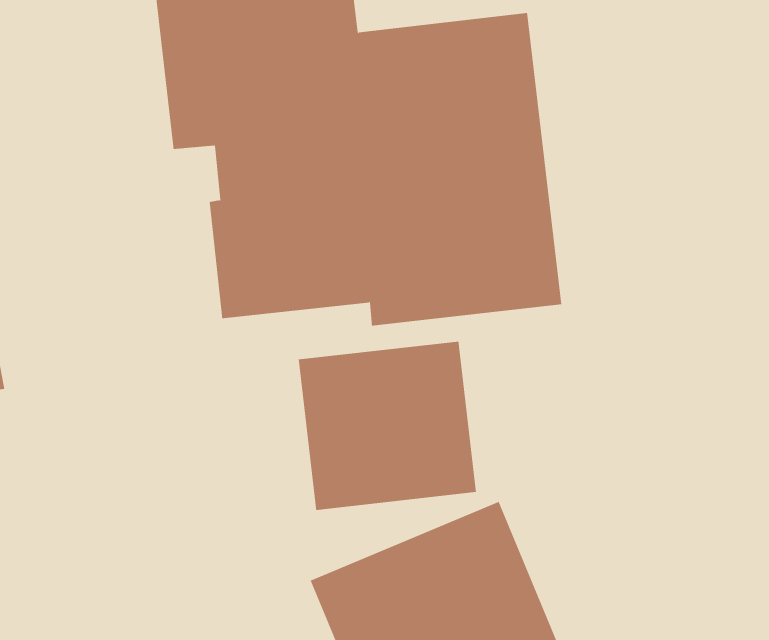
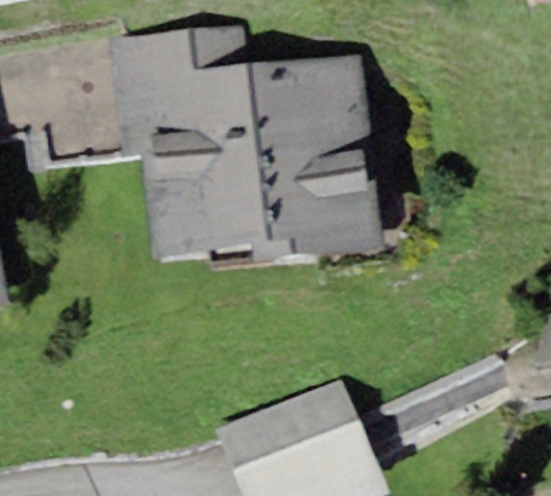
building: [298,341,477,511] -> none

